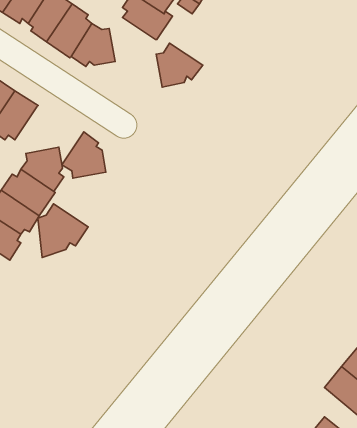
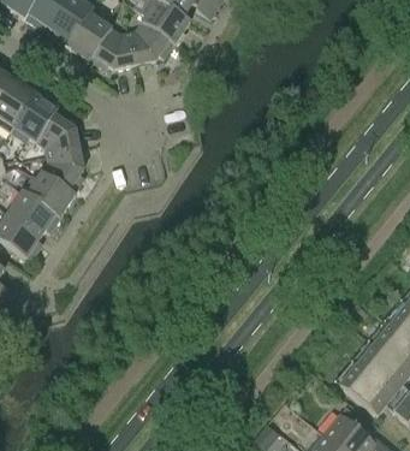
building: [156,43,203,87] -> [127,20,173,64]
building: [62,132,106,178] -> [35,108,78,154]
building: [38,204,88,257] -> none

